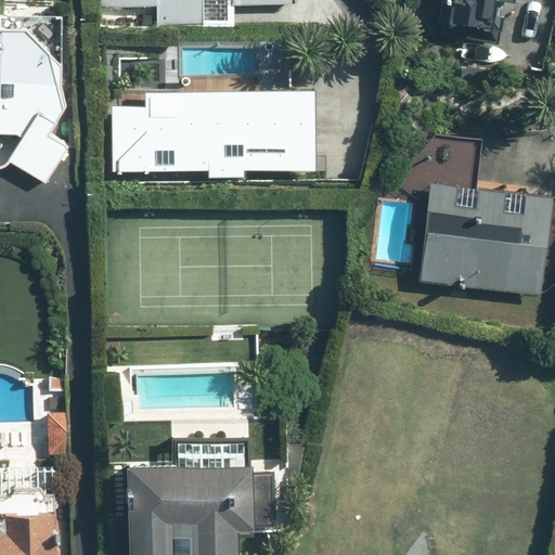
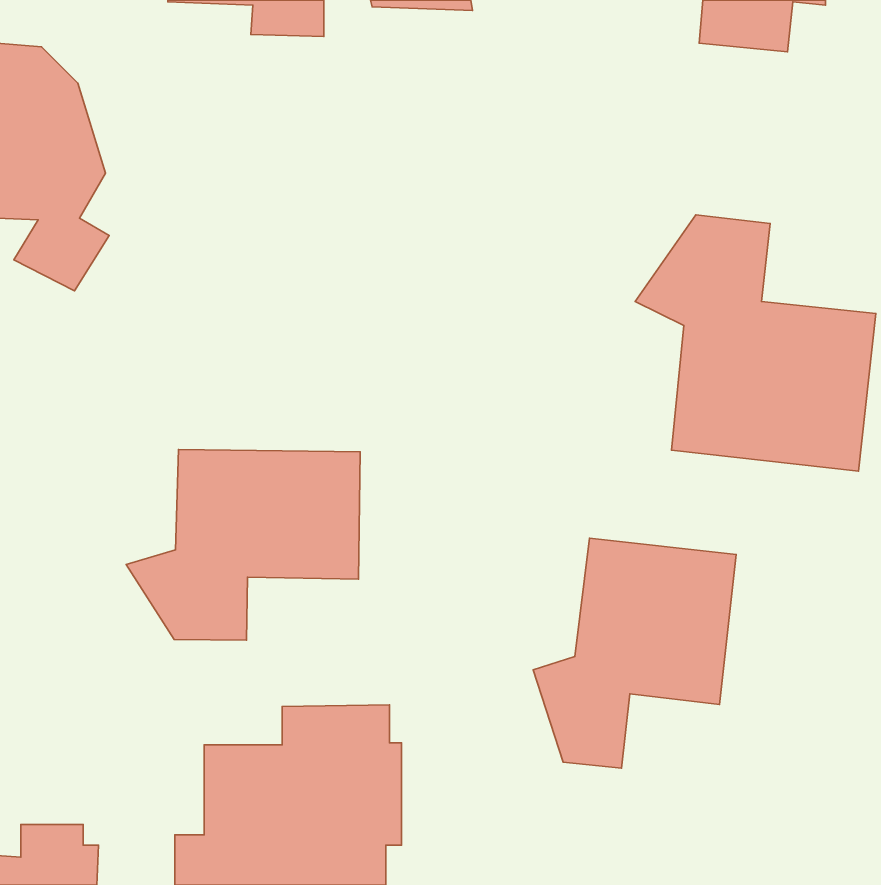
building: [115,93,313,180] -> none
building: none -> [126,449,360,640]
building: none -> [533,538,736,768]

